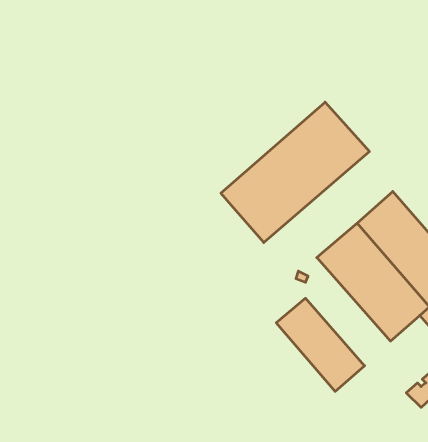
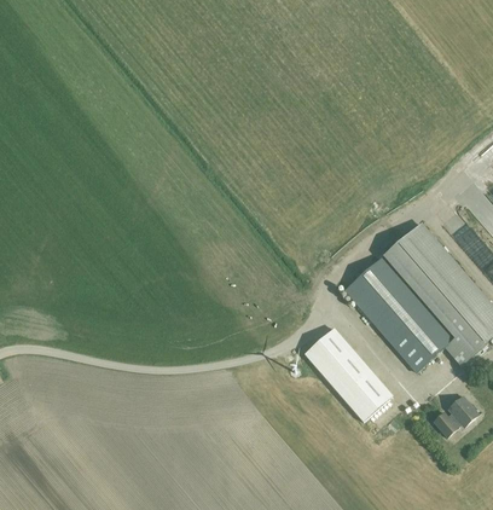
building: [221,102,369,243] -> none

